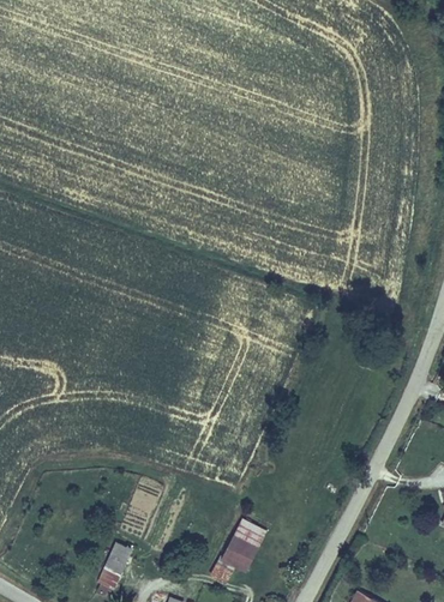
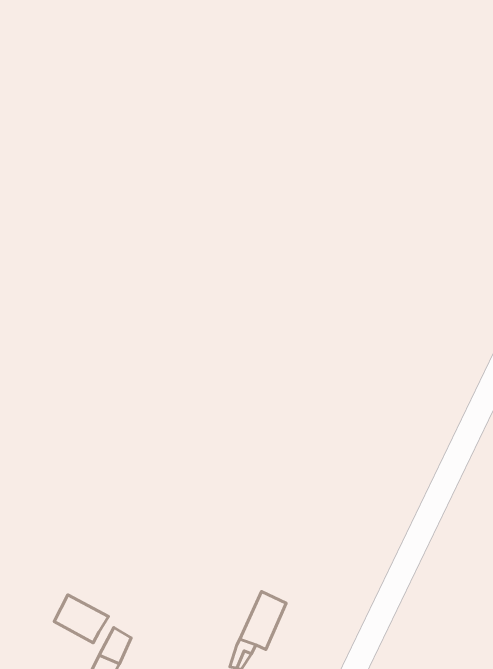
building: none -> [54,595,109,643]

